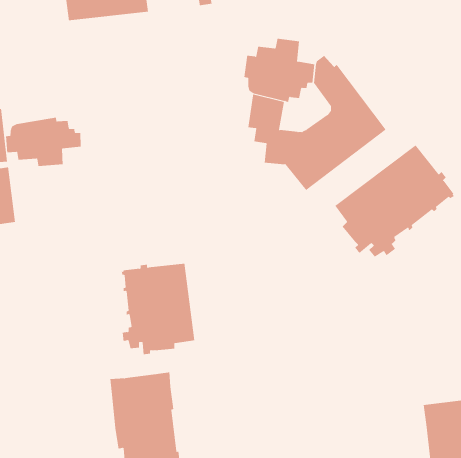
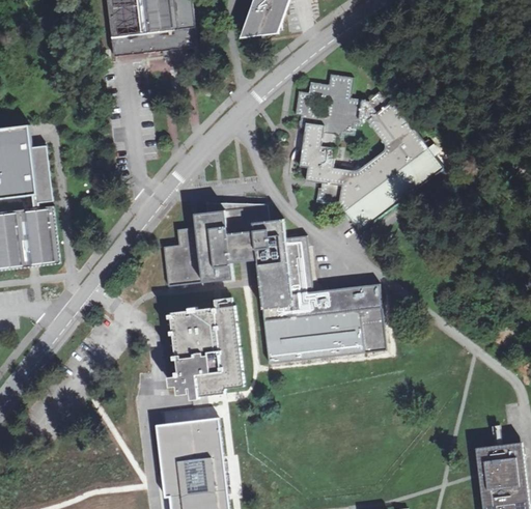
building: [5,117,81,167] -> none
building: [335,145,455,258] -> none
building: none -> [157,203,388,366]

